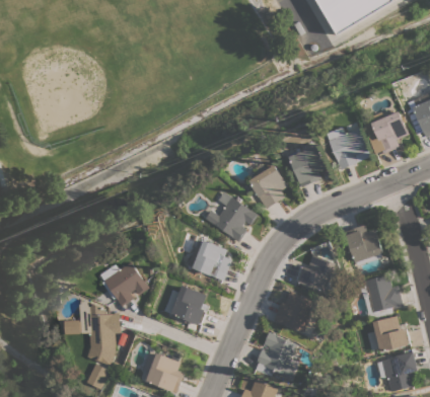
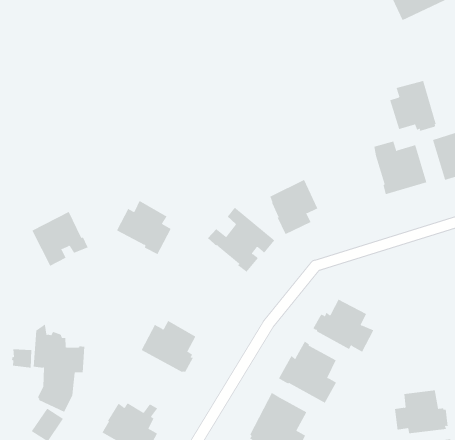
building: none -> [389,80,437,132]
building: [289,145,326,186] -> none
building: [342,224,381,262] -> none
building: [188,239,230,280] -> [116,200,171,255]
building: [105,261,151,306] -> [31,211,89,267]
building: [356,273,401,318] -> none

